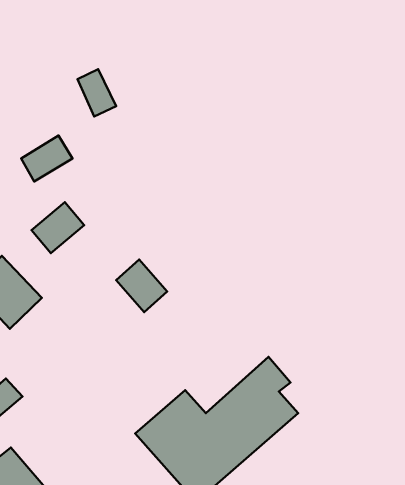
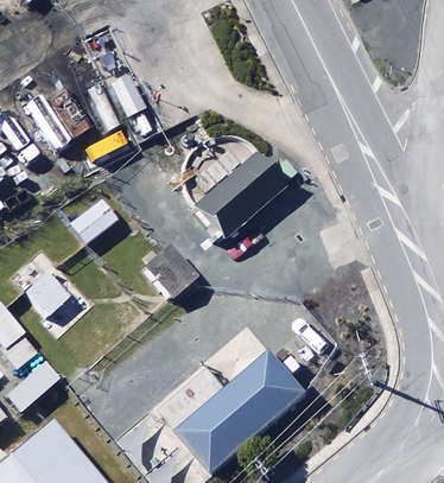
building: none -> [194,151,288,242]

